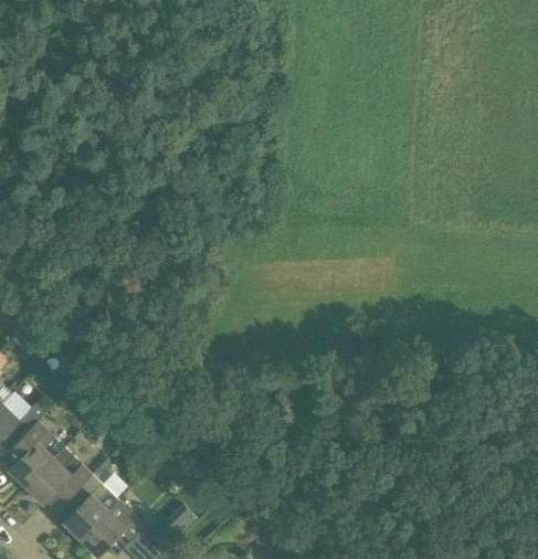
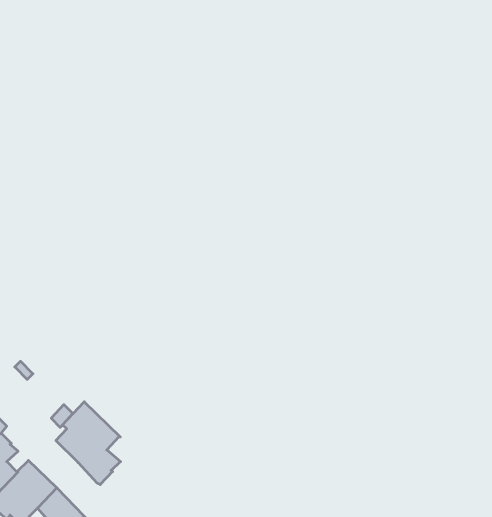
building: none -> [56,402,121,485]

